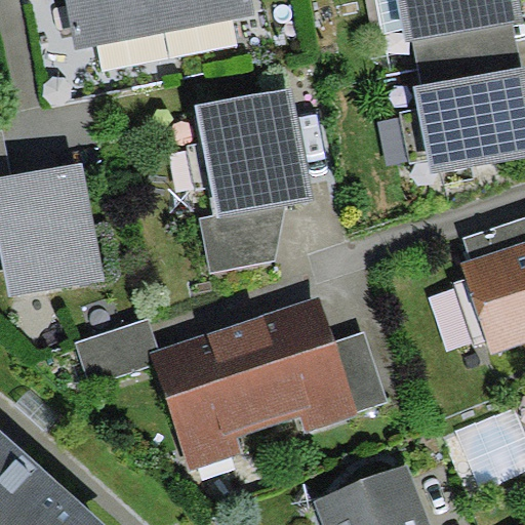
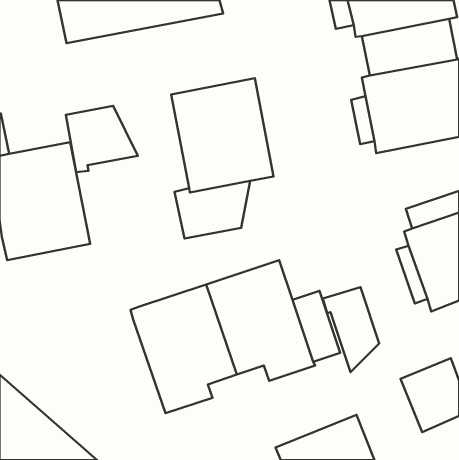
building: none -> [66,106,138,172]
building: [76,319,158,383] -> none
building: none -> [323,287,379,372]

